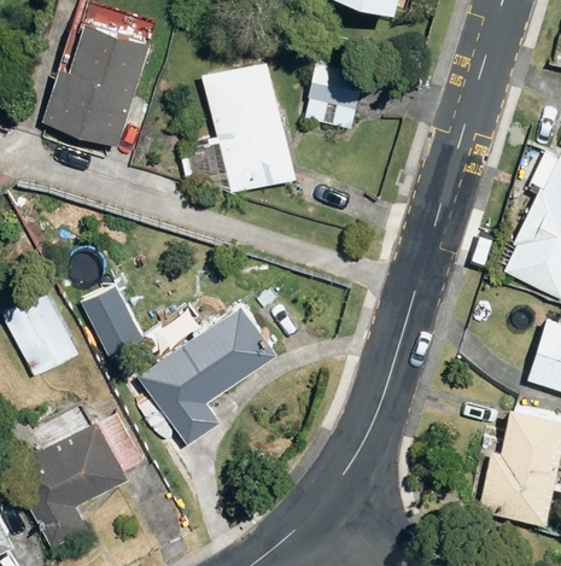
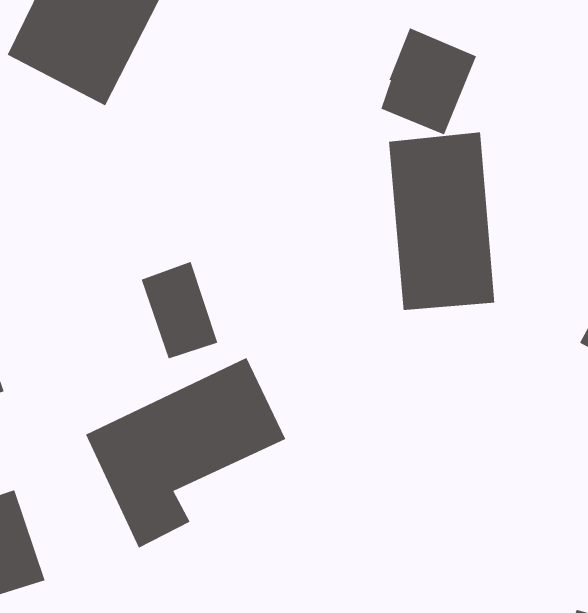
building: [203,63,294,194] -> [388,132,495,310]
building: [83,286,144,356] -> [141,261,218,359]

